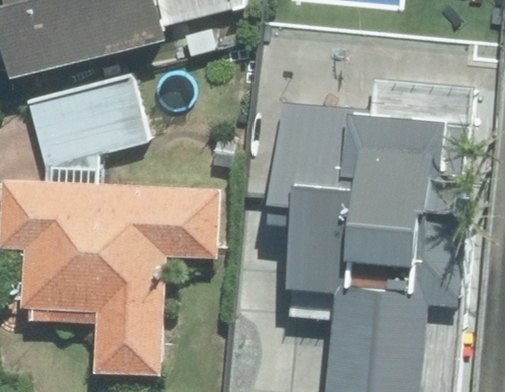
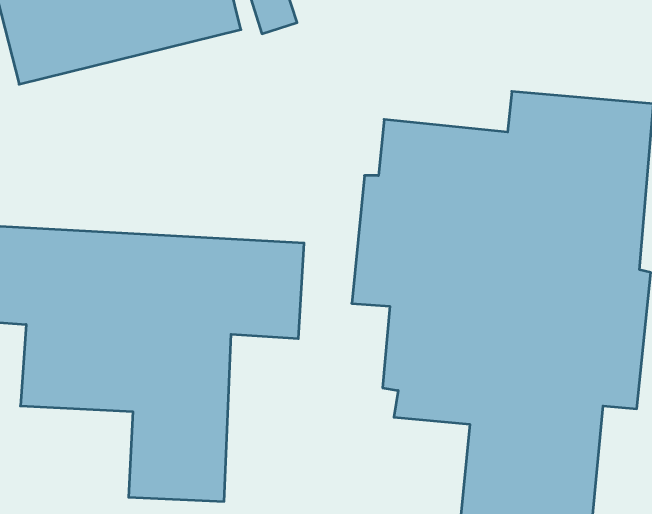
building: [24,77,142,167] -> none

